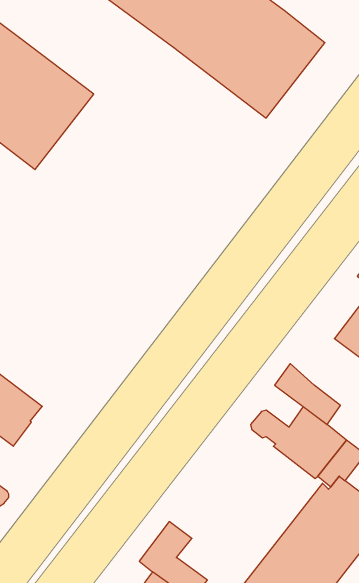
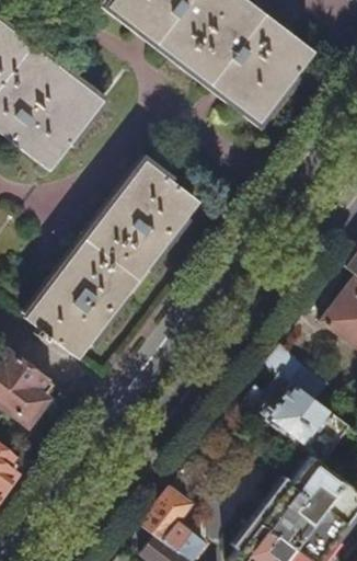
building: none -> [25,161,197,357]

